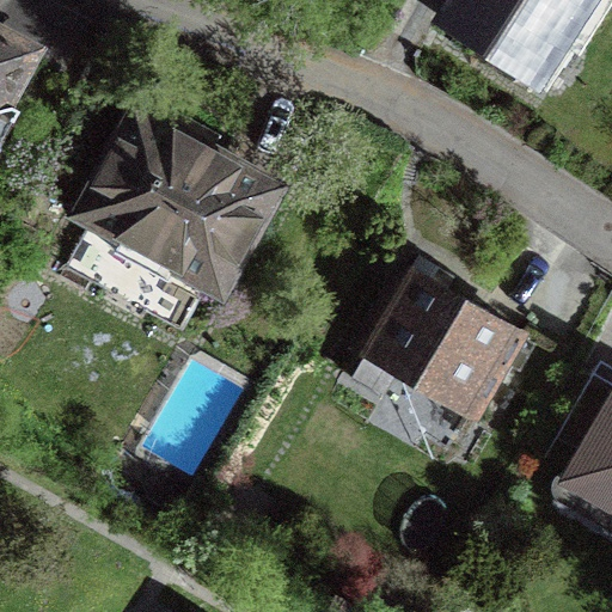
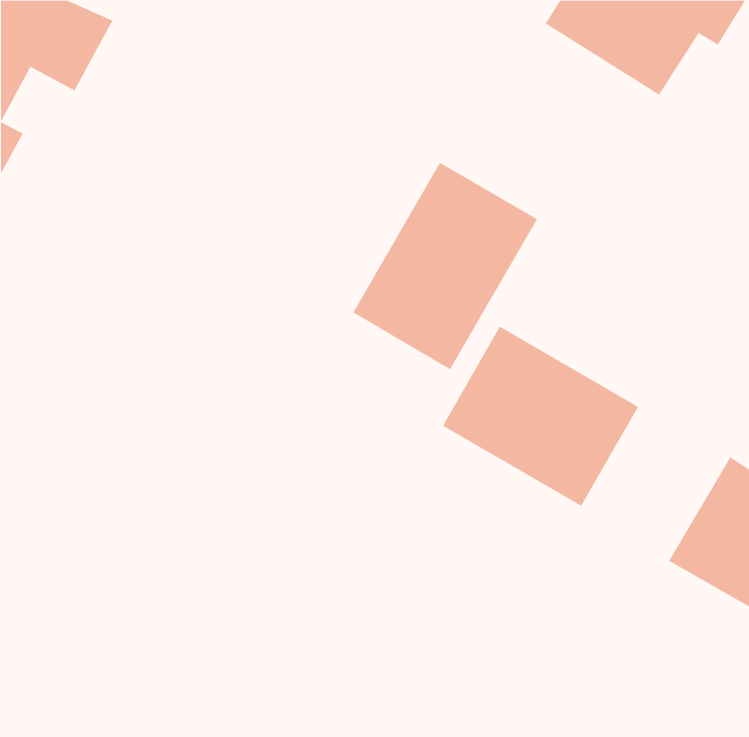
building: [81,121,276,298] -> none
building: none -> [352,162,538,370]

